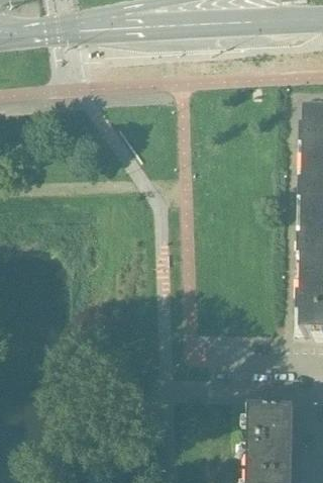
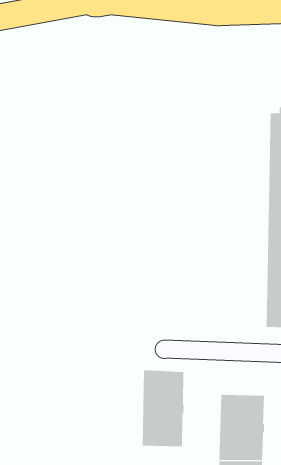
building: none -> [142,369,184,447]

